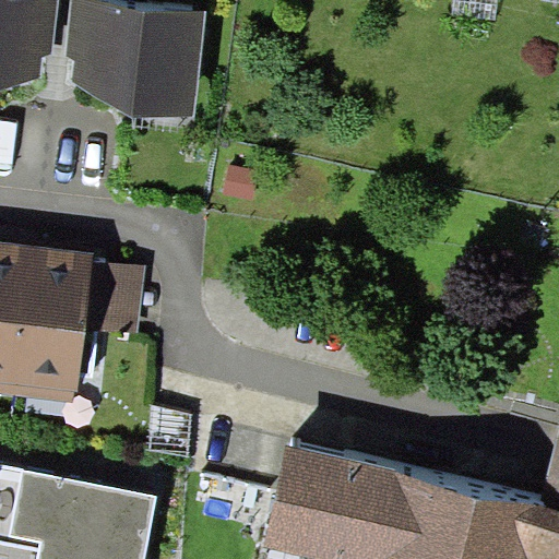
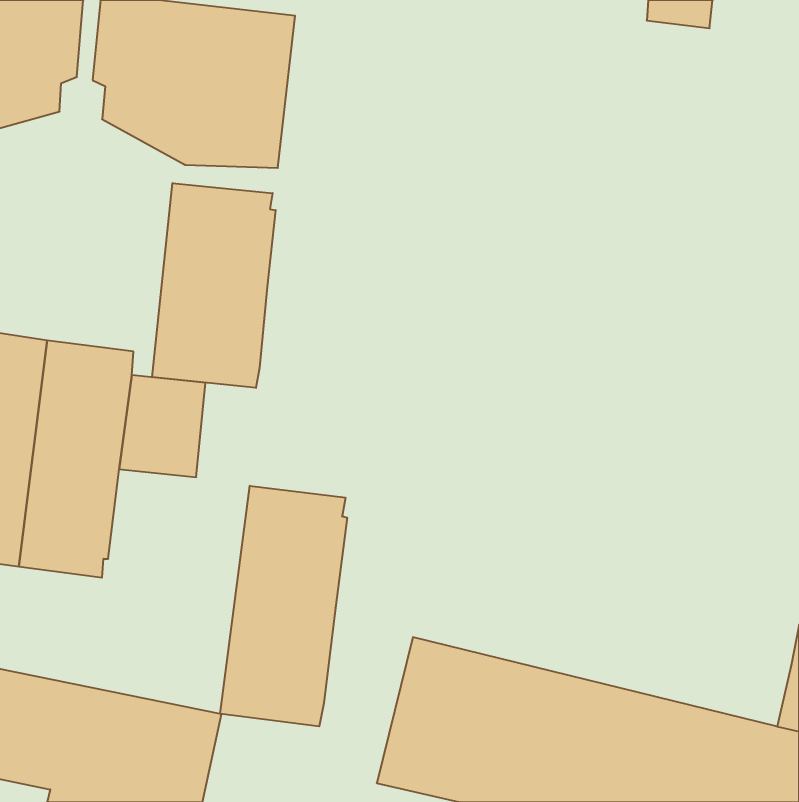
building: none -> [152,183,276,388]
building: none -> [220,486,347,726]

